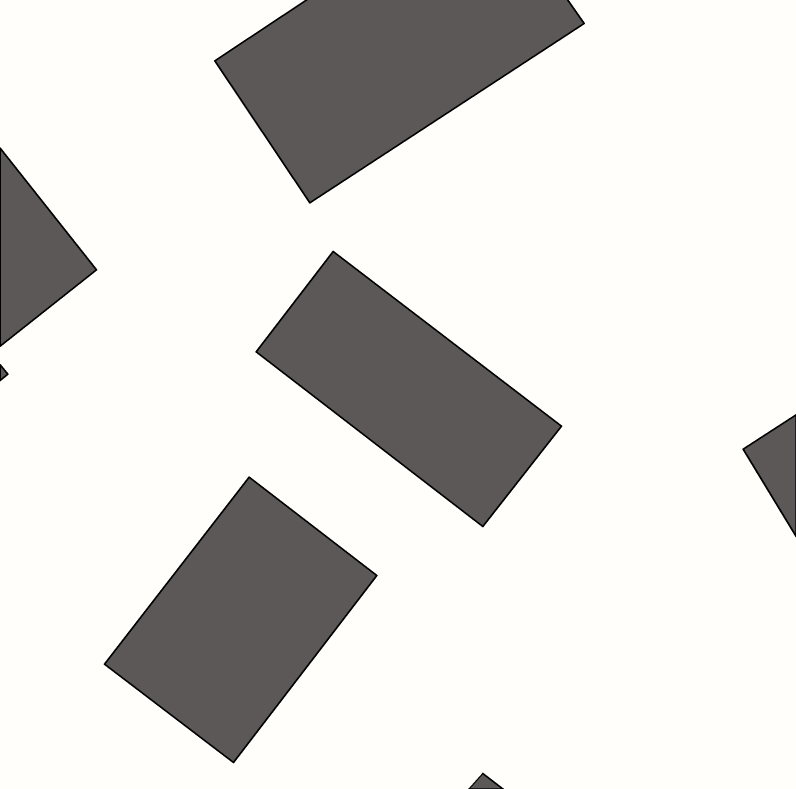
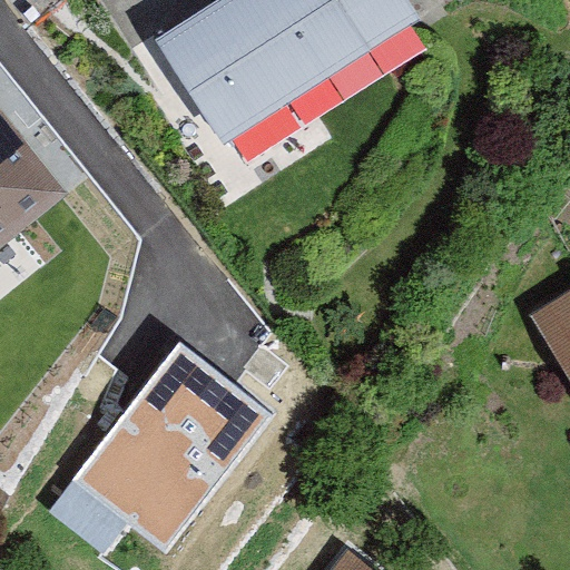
building: [256,251,562,527] -> none

